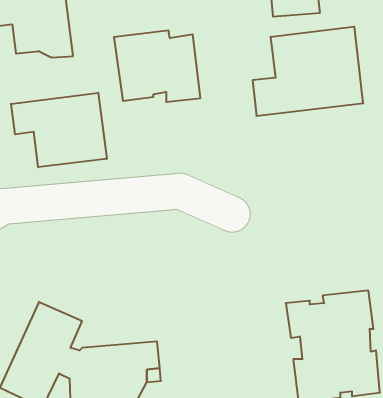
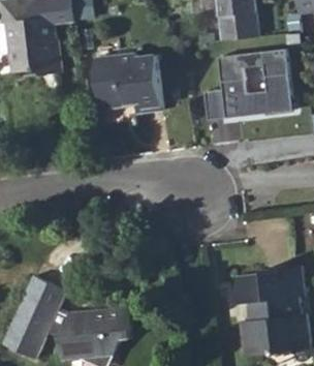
building: [11,93,107,167] -> none

